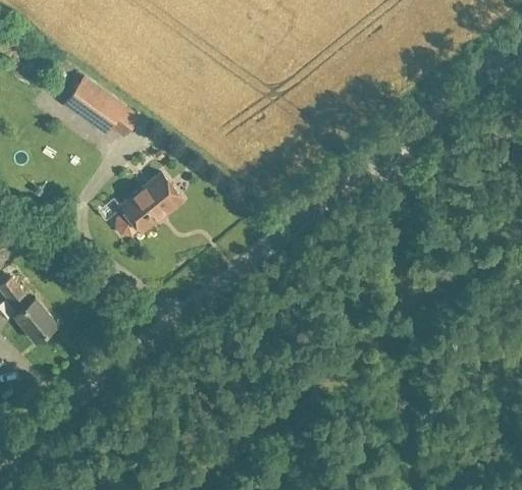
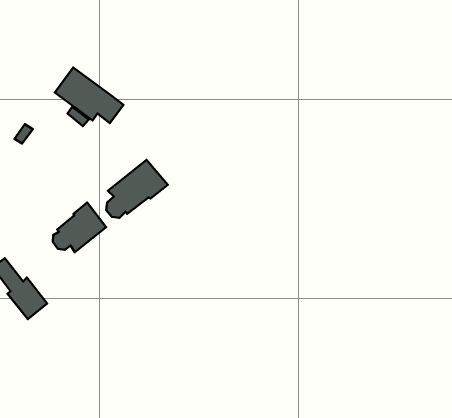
building: none -> [53,202,106,252]

